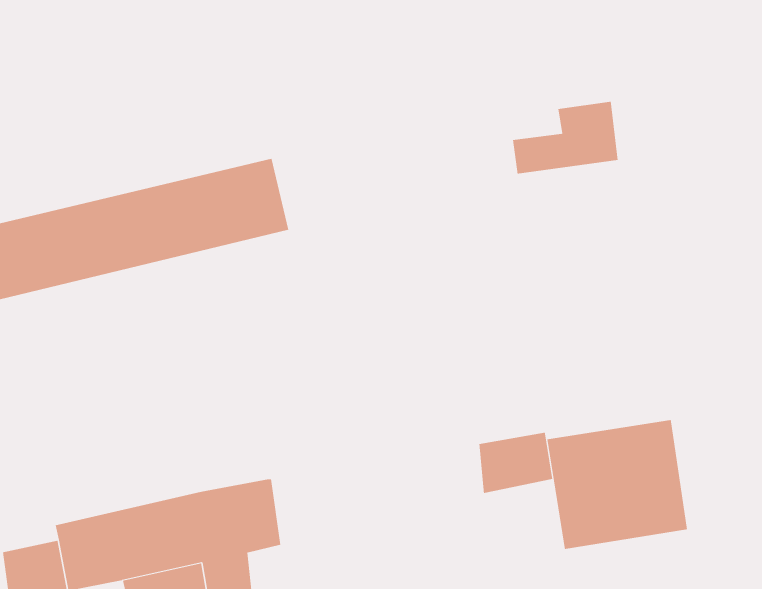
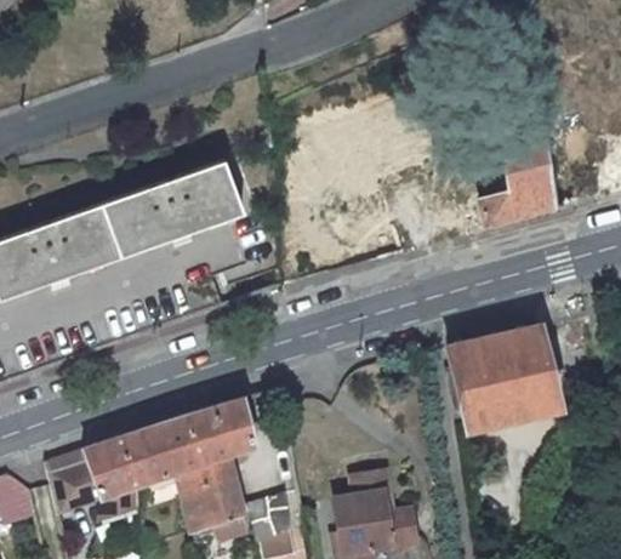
building: [512,101,619,174] -> [480,170,562,232]
building: [479,432,553,494] -> none

